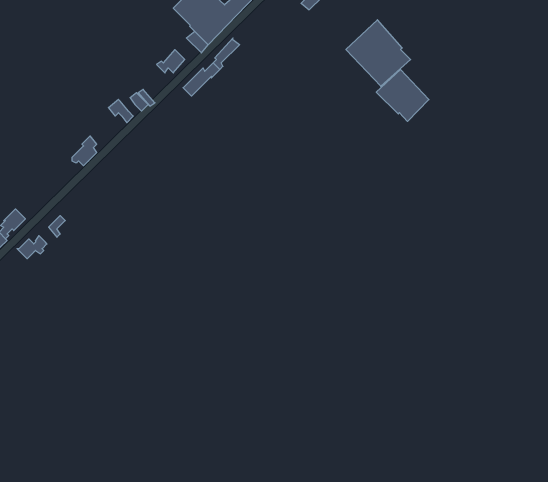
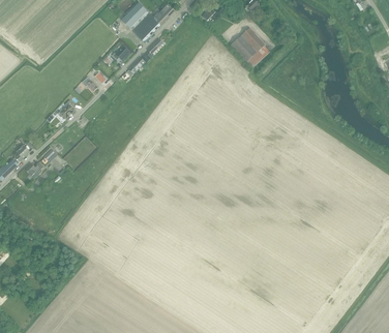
building: [376,69,429,121] -> none

